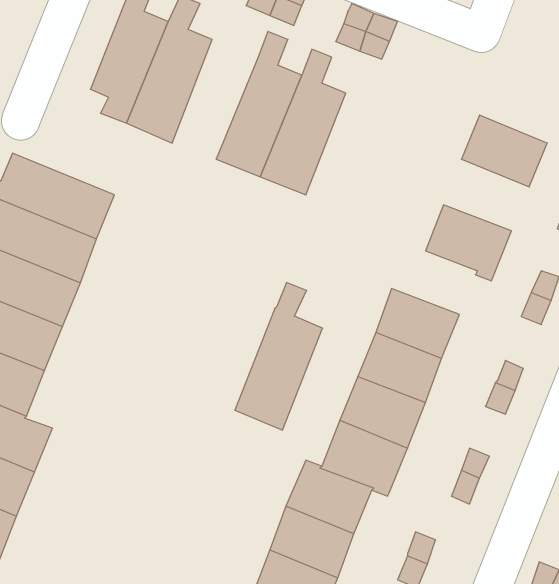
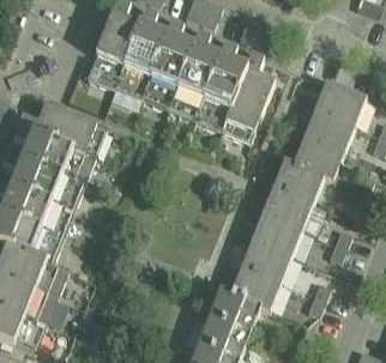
building: none -> [139,19,191,107]
building: none -> [302,107,354,150]
building: none -> [271,157,322,200]
building: [235,282,323,430] -> [219,52,272,140]

